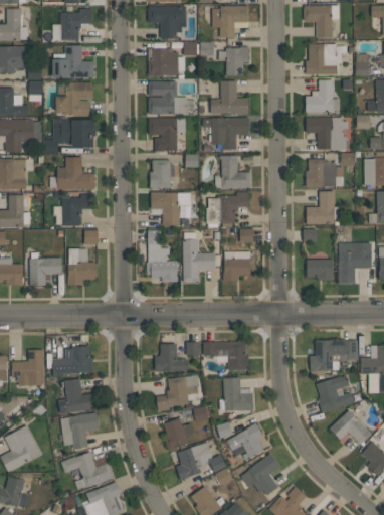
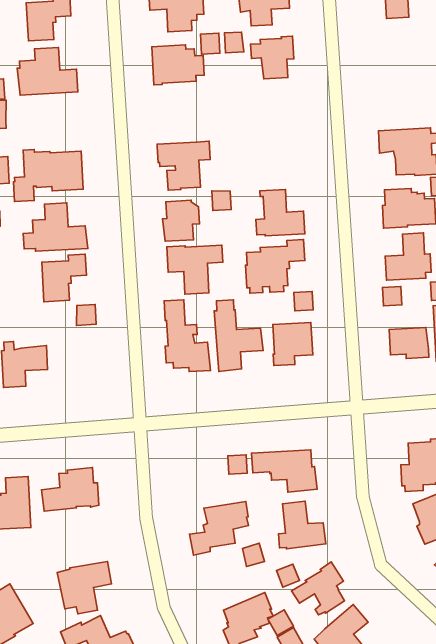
building: [307,44,347,74] -> none
building: [306,80,340,113] -> none
building: [149,81,189,115] -> none
building: [211,81,248,114] -> none
building: [56,82,93,117] -> none
building: [212,118,249,150] -> none
building: [68,248,97,286] -> none
building: [155,344,188,372] -> none
building: [59,379,98,414] -> none
building: [164,418,194,451] -> none

